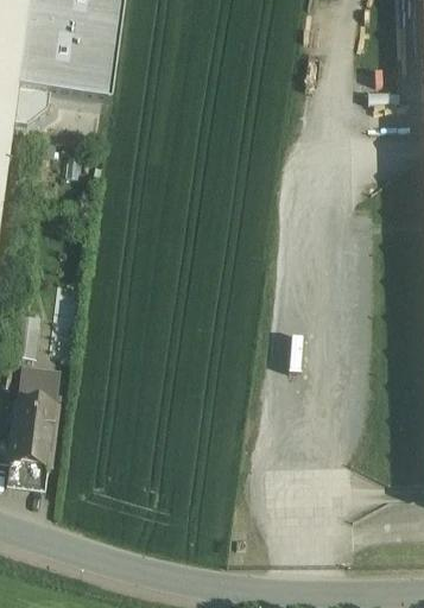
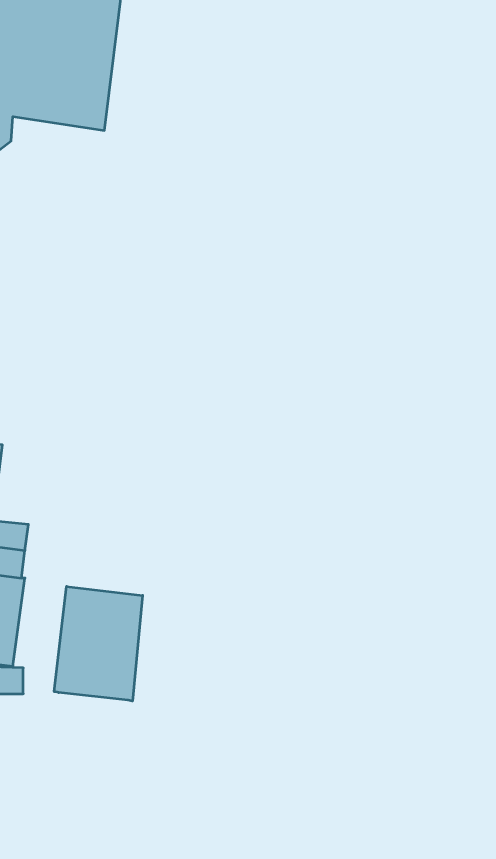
building: none -> [54,586,143,701]

